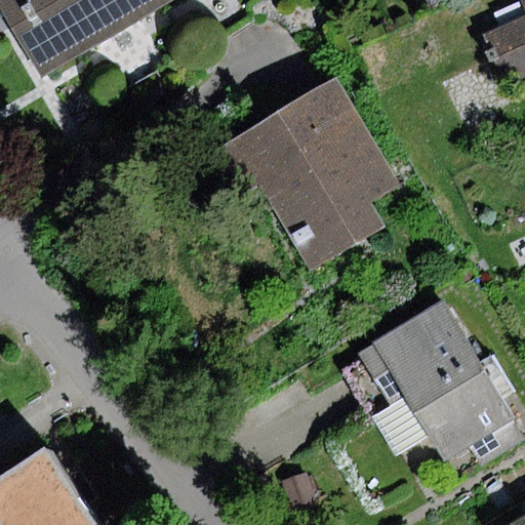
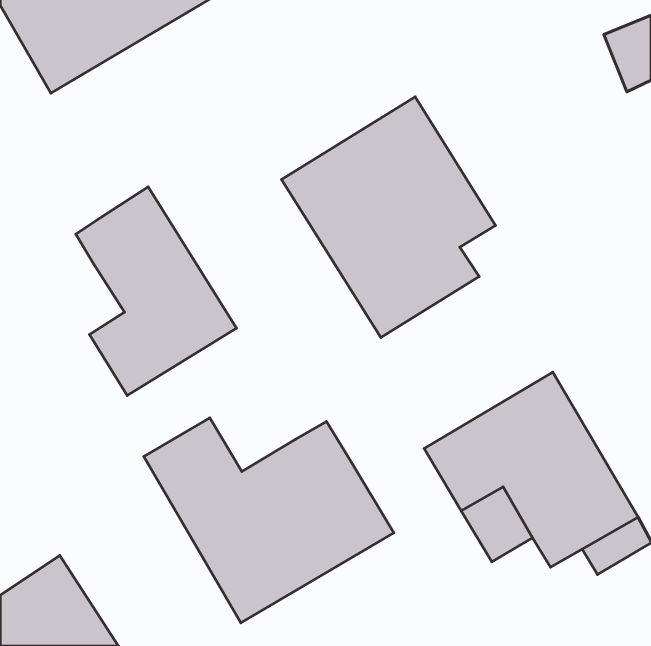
building: none -> [76,187,236,395]
building: none -> [144,418,394,623]

